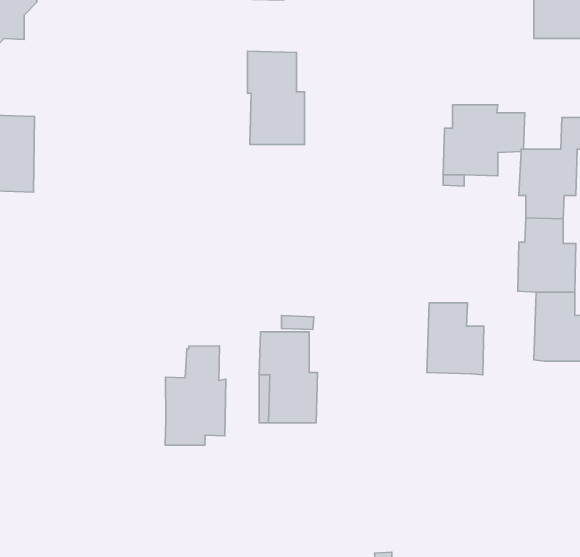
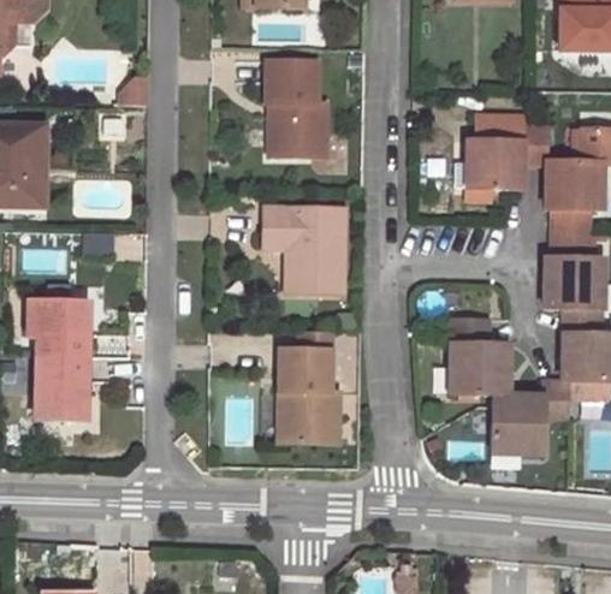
building: none -> [261,206,343,293]
building: none -> [29,303,88,418]
building: [165,346,226,445] -> none
building: none -> [492,378,571,452]

